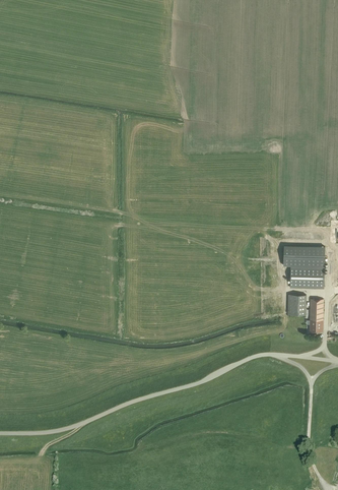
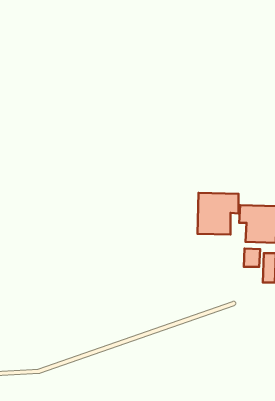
building: none -> [197,193,238,235]

